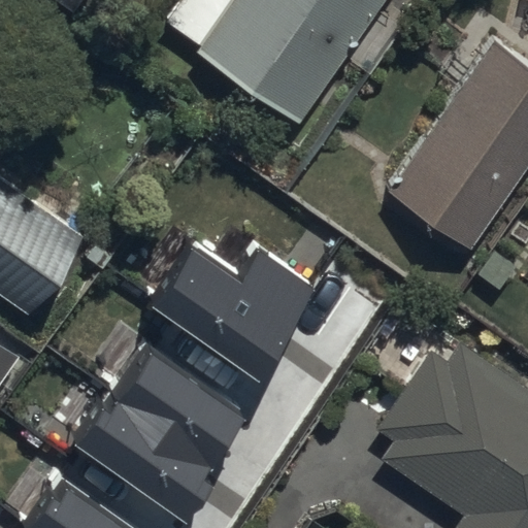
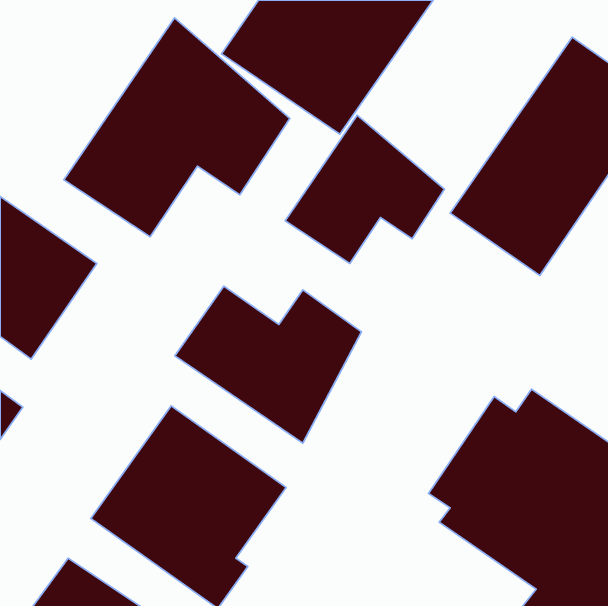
building: none -> [64,18,290,237]
building: none -> [285,115,444,263]

